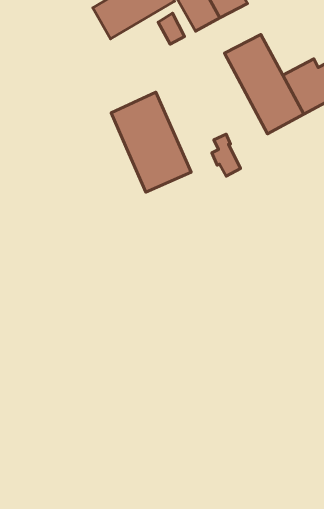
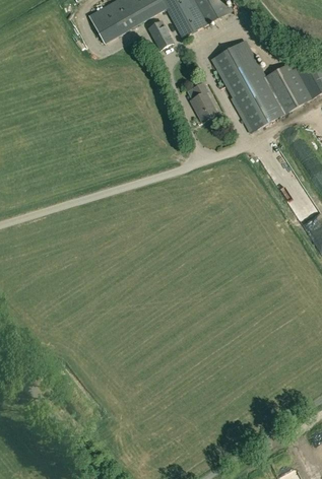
building: [111,92,191,192] -> none
building: [212,134,241,176] -> [191,83,217,122]

